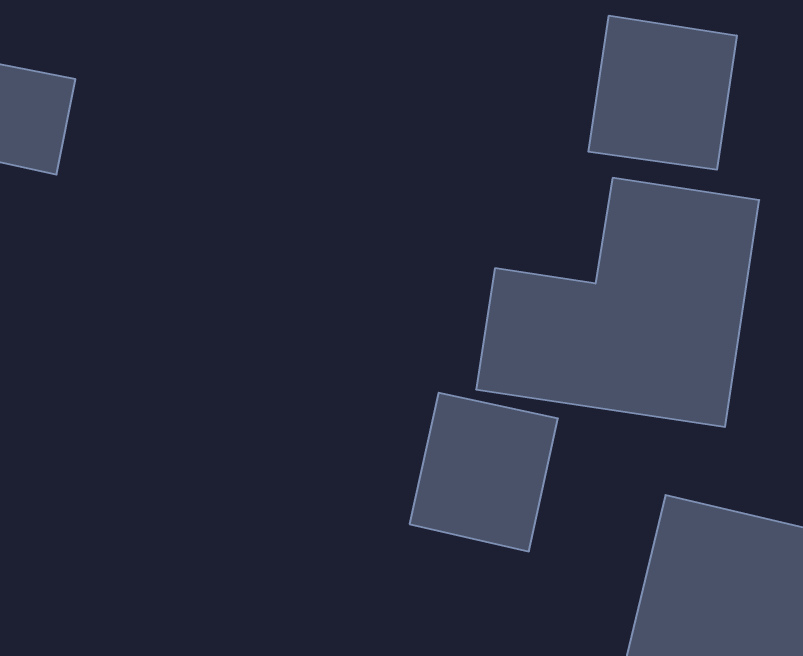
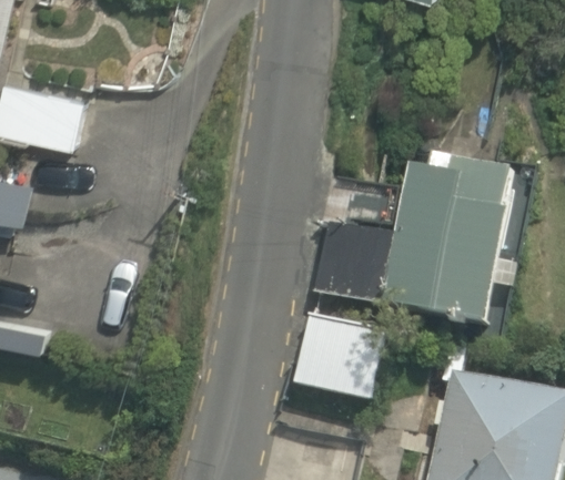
building: [588,16,737,170] -> none

